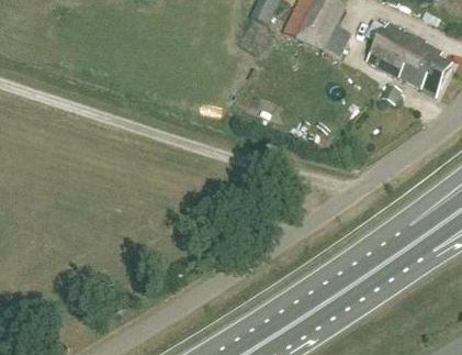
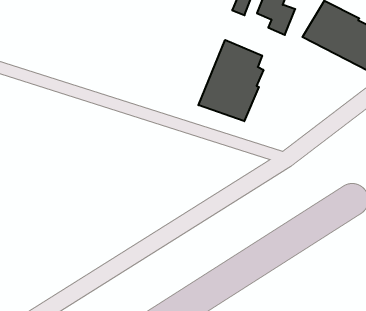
building: none -> [198,40,263,121]

